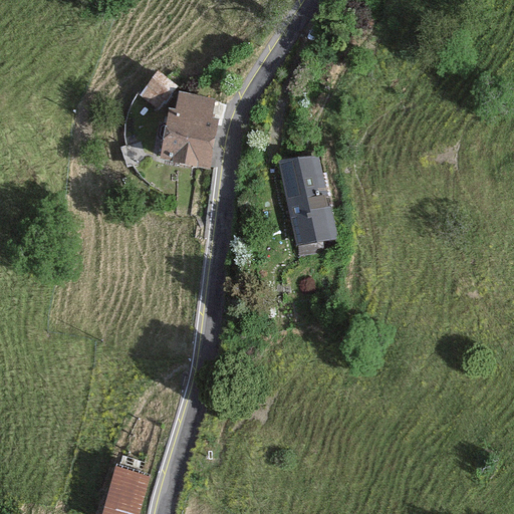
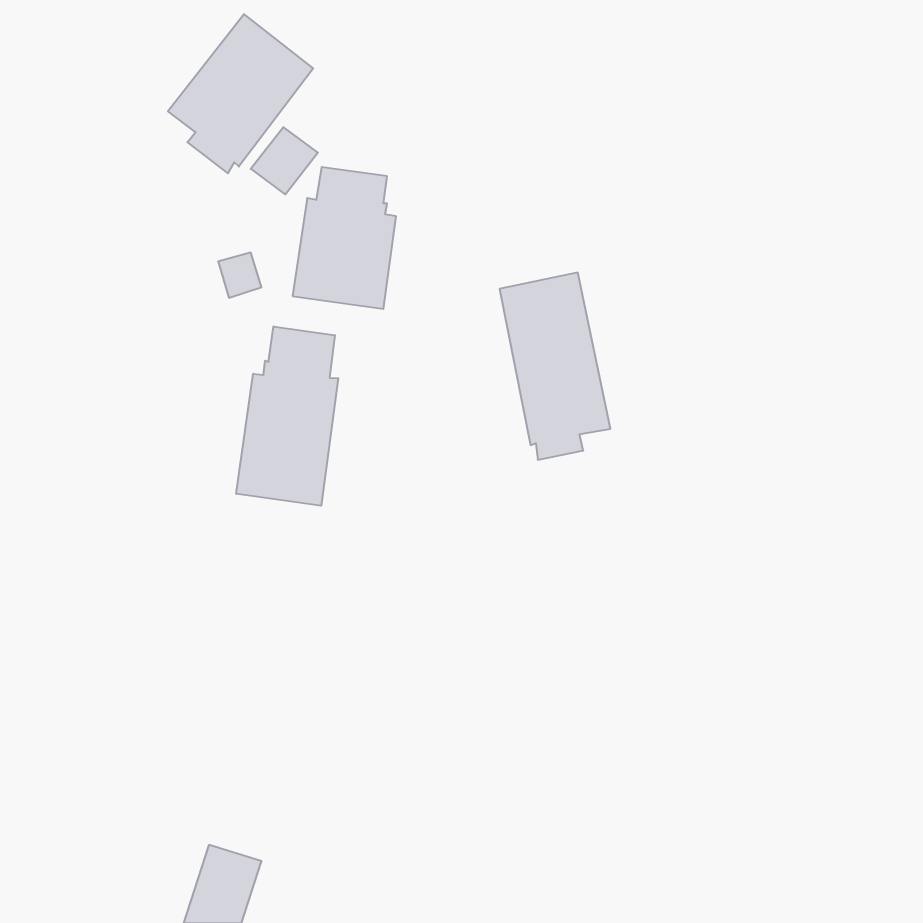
building: none -> [168,14,313,173]
building: none -> [236,326,338,506]

